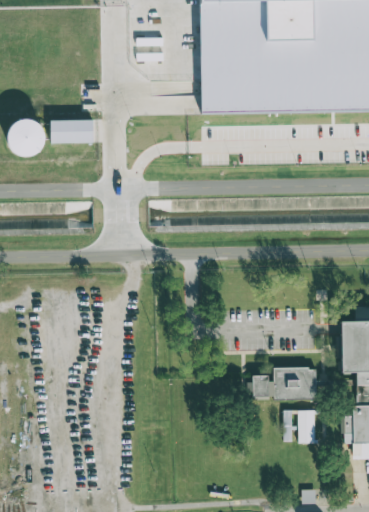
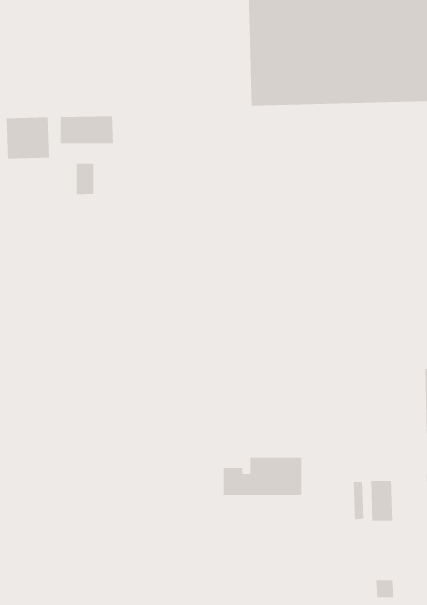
building: none -> [76,163,94,195]
building: [252,368,315,399] -> [223,457,302,496]

